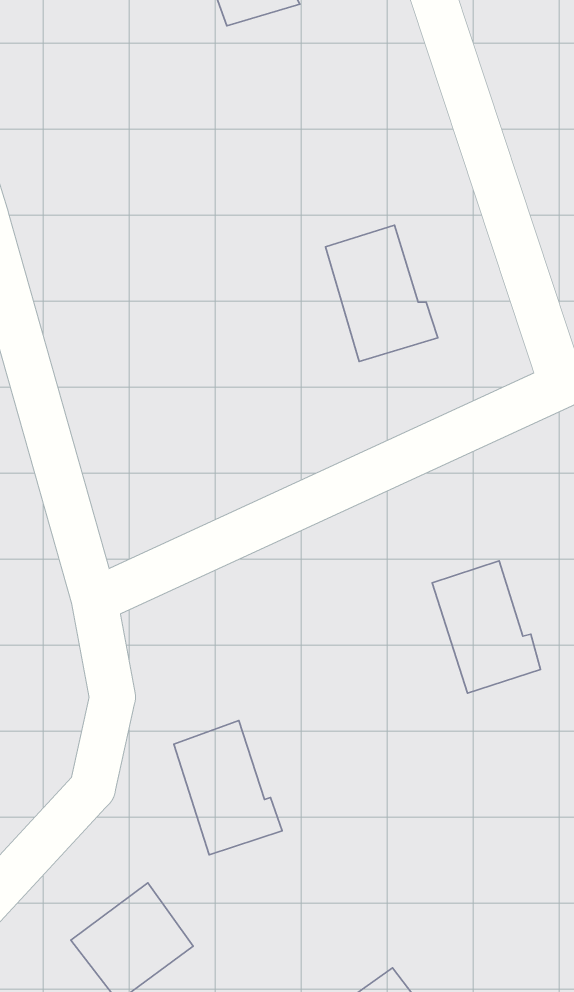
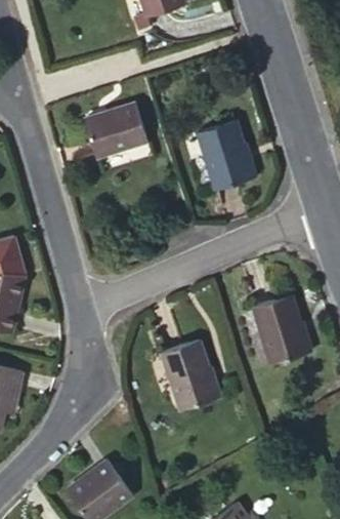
building: none -> [84,103,147,155]
building: [174,720,282,855] -> [162,340,218,409]

